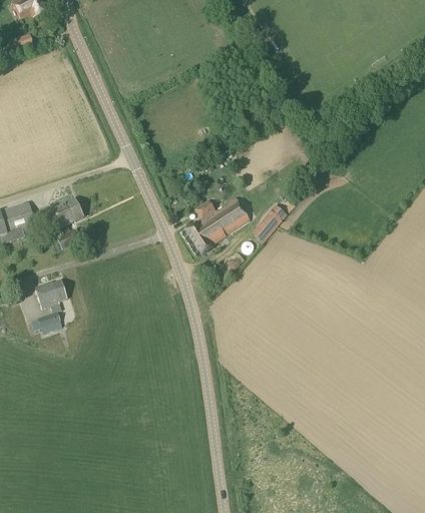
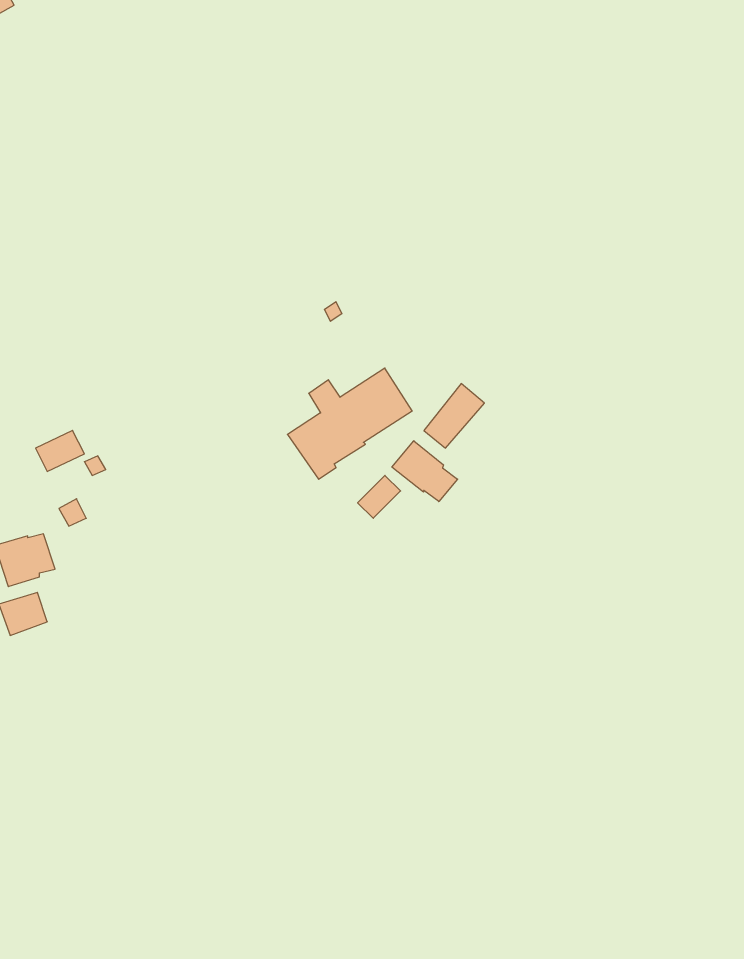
building: [50,196,83,227] -> none
building: none -> [392,441,458,502]

